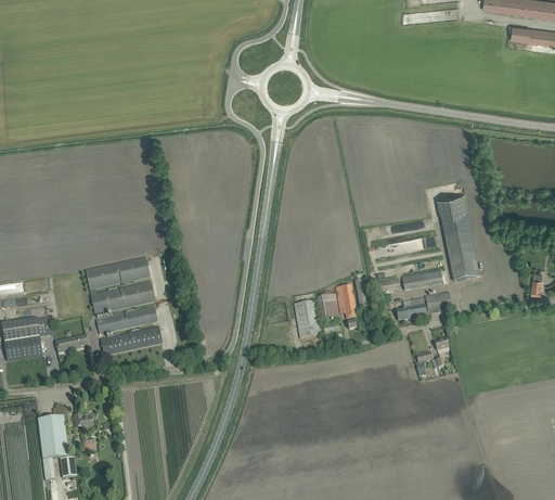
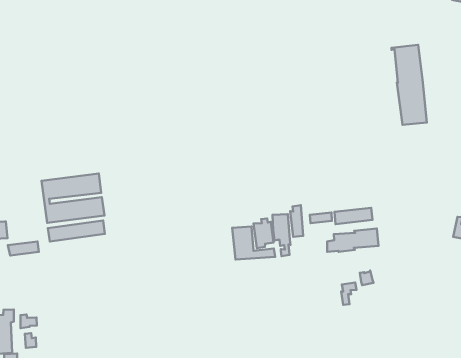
building: [435,194,479,281] -> [391,45,427,125]
building: [100,326,162,356] -> none

